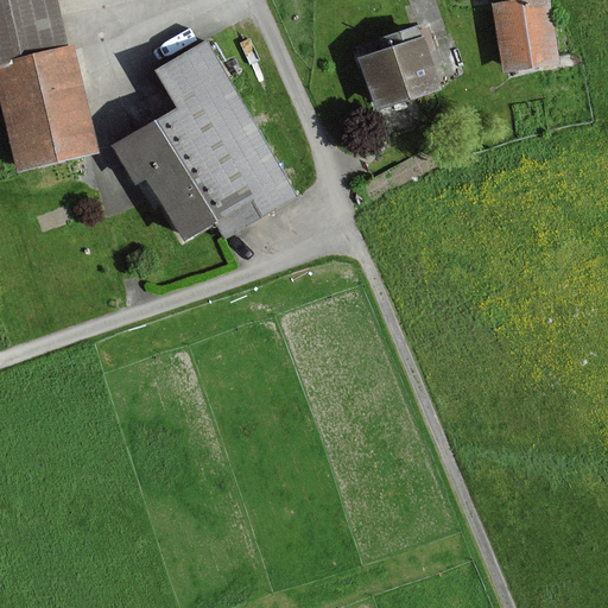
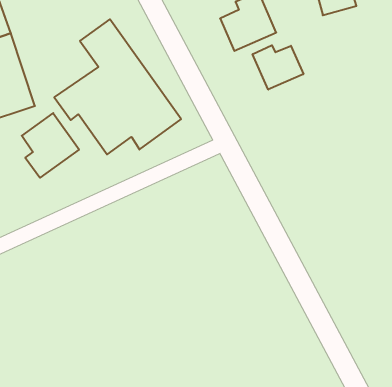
building: none -> [253,45,303,90]
building: none -> [22,113,79,178]

